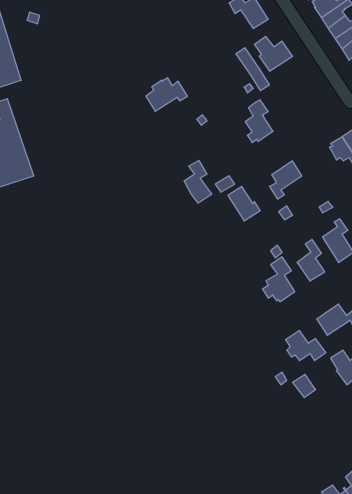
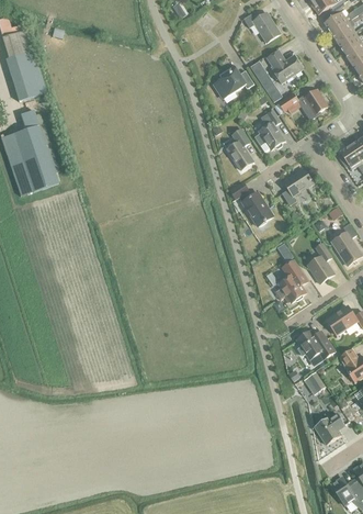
building: [146,78,187,111] -> [215,66,254,98]
building: none -> [277,89,328,120]
building: [184,160,212,203] -> [228,128,254,169]
building: none -> [315,412,345,444]

